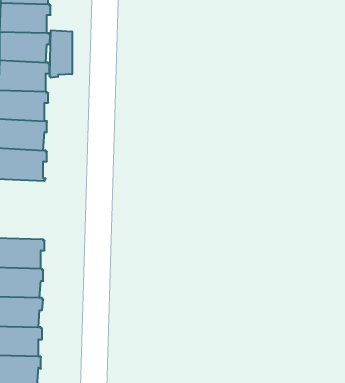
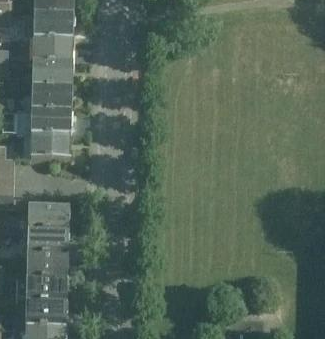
building: [50,30,72,78] -> none

